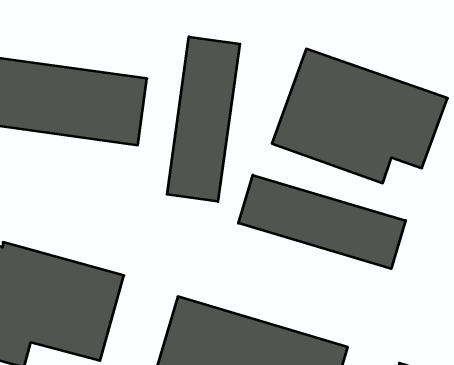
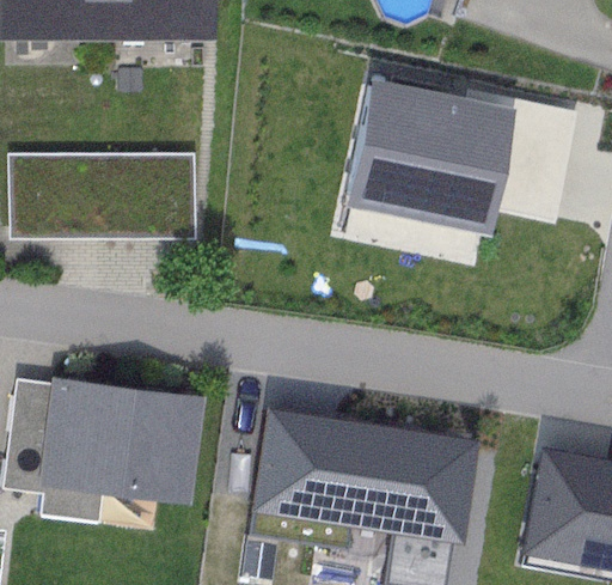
building: [167,37,240,202] -> none
building: [238,175,406,269] -> none

